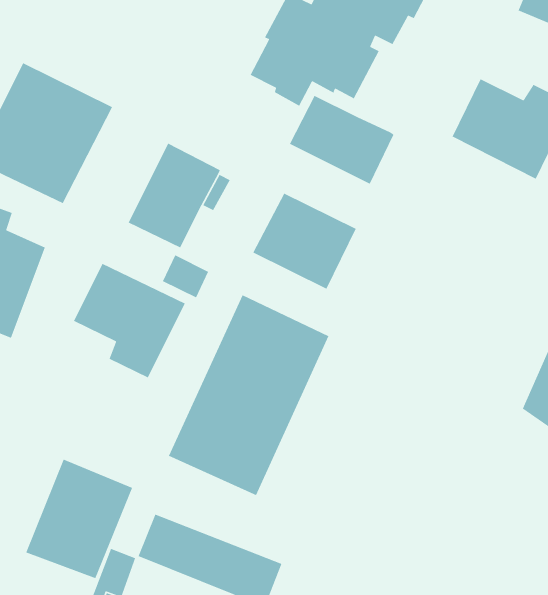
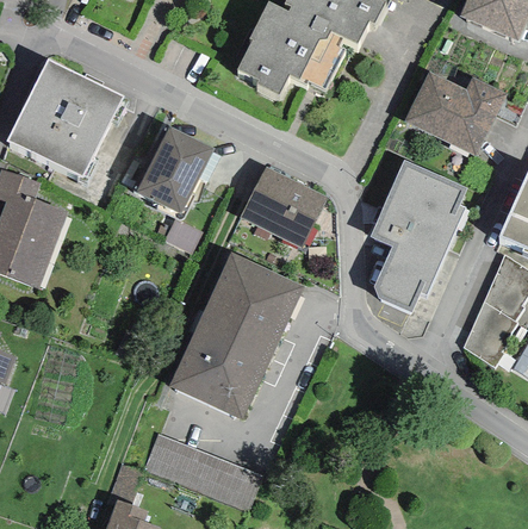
building: [289,95,395,185] -> none
building: none -> [369,158,466,312]
building: [73,263,186,379] -> none
building: [25,458,133,579] -> none

